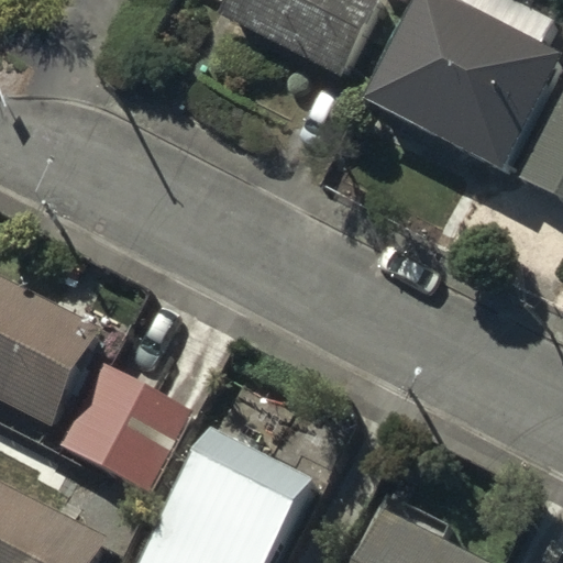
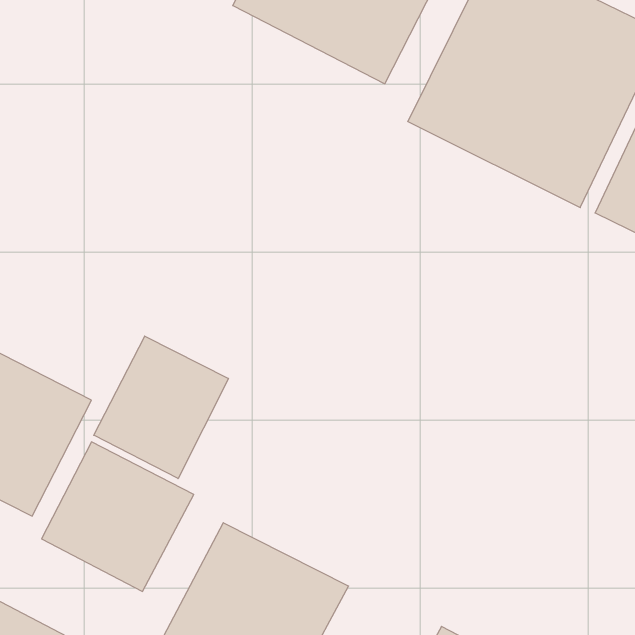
building: none -> [94,336,228,479]

